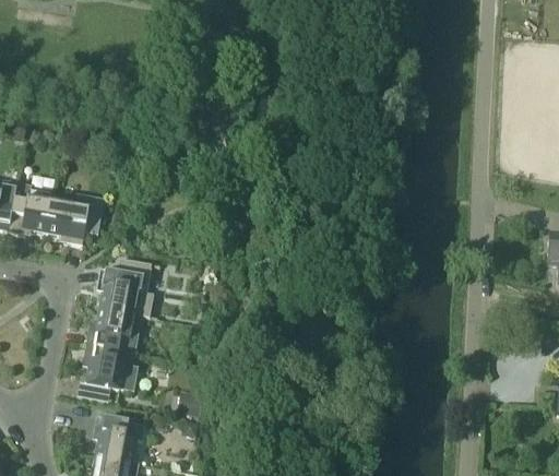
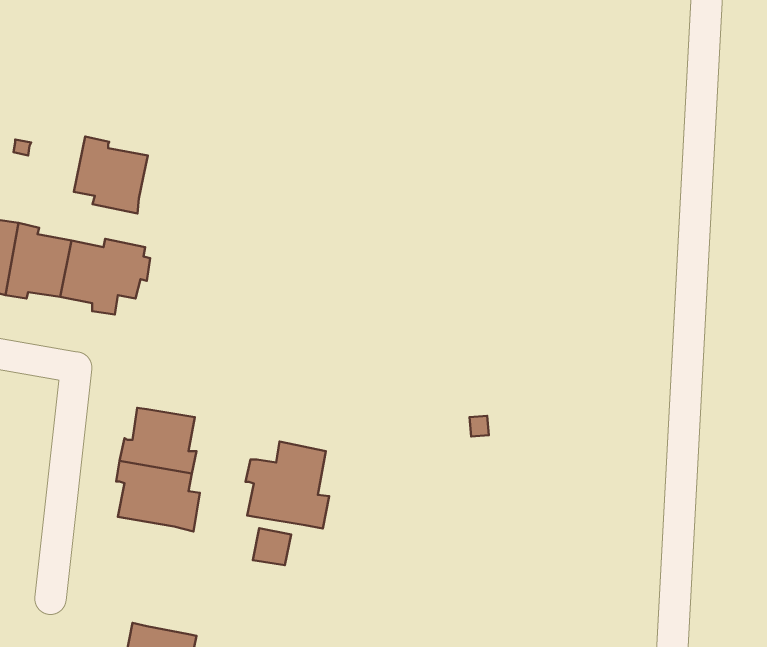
building: none -> [74,137,148,214]
building: [96,258,153,317] -> [246,442,329,528]
building: [93,416,144,462] -> none

